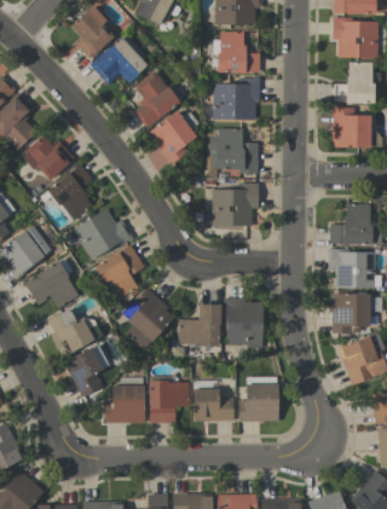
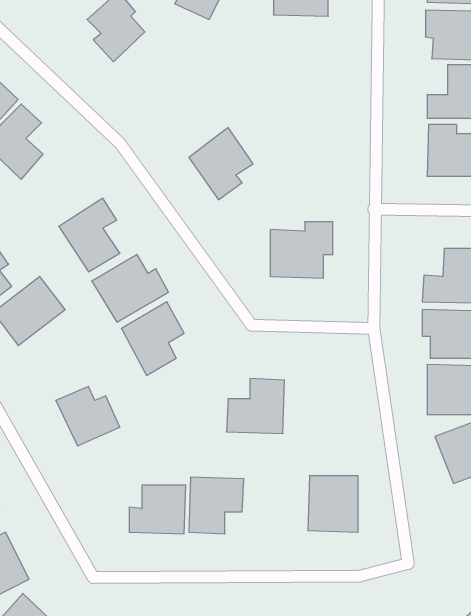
building: [214,31,259,73] -> none
building: [89,36,148,85] -> none
building: [133,70,180,128] -> none
building: [212,77,259,120] -> none
building: [207,128,259,174] -> none
building: [22,133,74,183] -> none
building: [23,261,79,308] -> none
building: [125,288,175,349] -> none
building: [224,299,264,345] -> none
building: [62,343,110,398] -> none
building: [194,388,233,421] -> none

